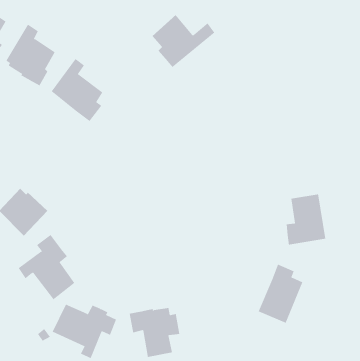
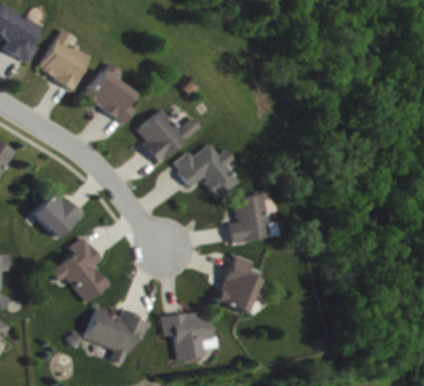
building: [151,14,215,68] -> [135,109,198,162]
building: none -> [173,144,237,196]
building: [286,194,326,245] -> [227,192,267,243]
building: [258,264,303,324] -> [214,255,259,315]

